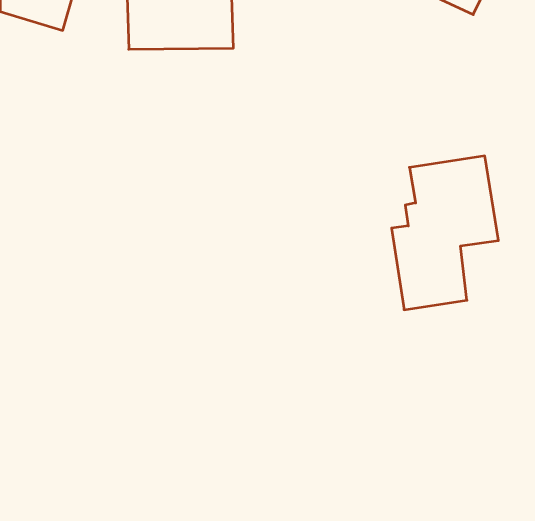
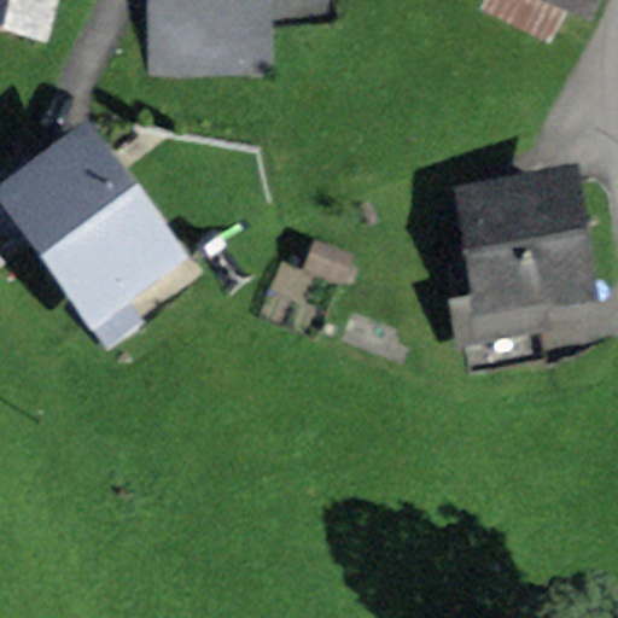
building: none -> [24,136,163,328]

